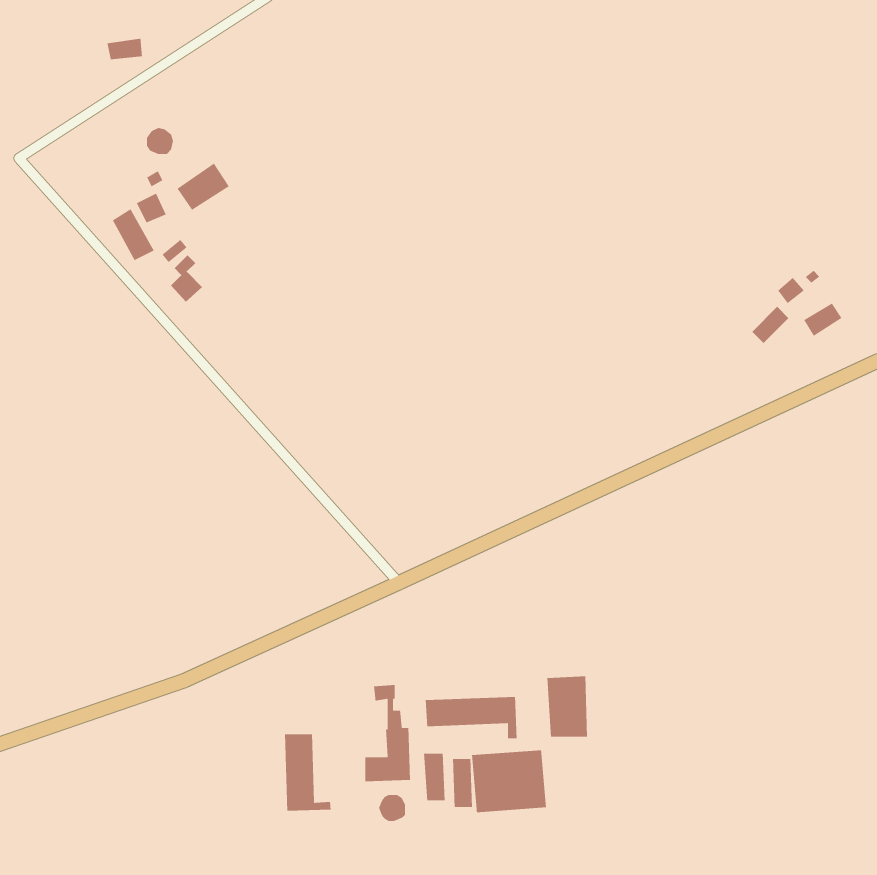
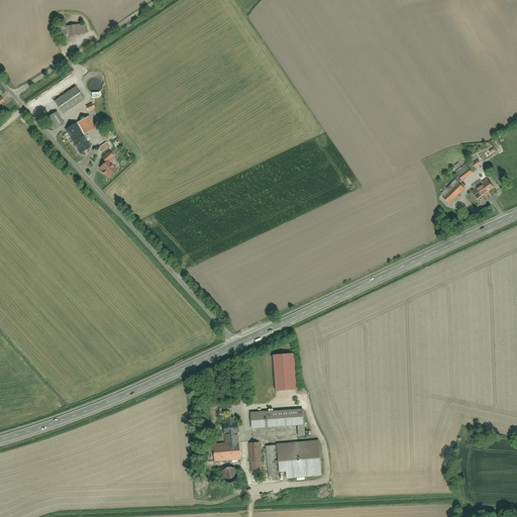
building: [177,163,230,211] -> [54,84,85,112]
building: [547,676,588,738] -> [273,353,297,390]
building: [284,733,332,811] -> none

